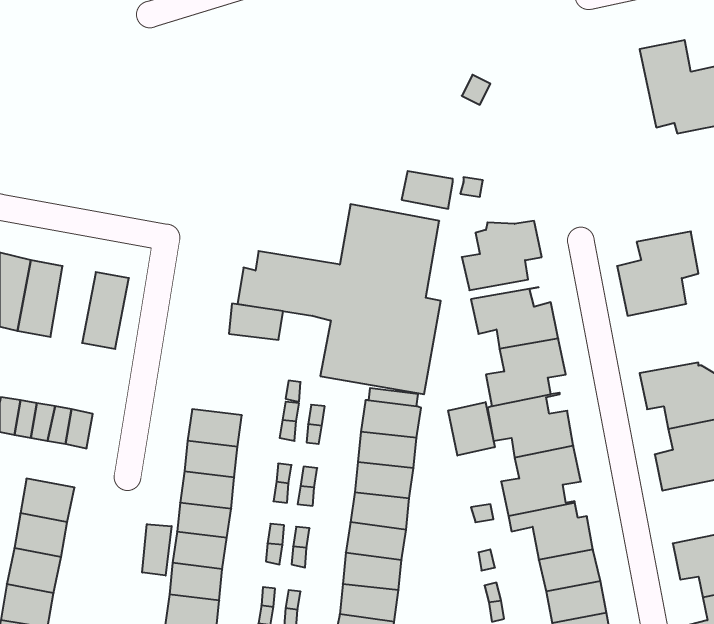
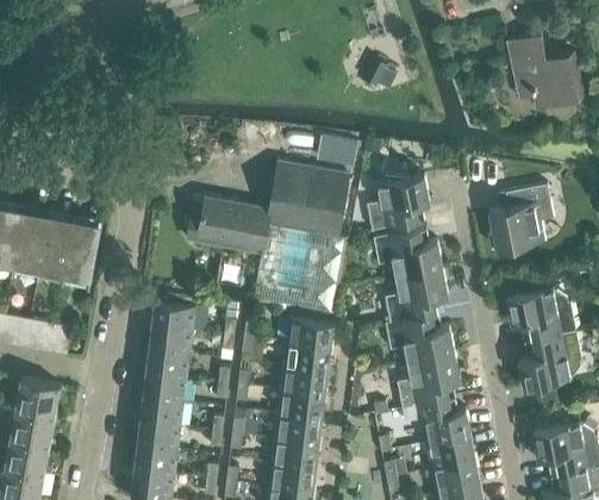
building: none -> [40,212,76,273]
building: [229,304,283,340] -> [152,301,195,330]
building: [448,402,495,456] -> none
building: [142,524,172,576] -> none

